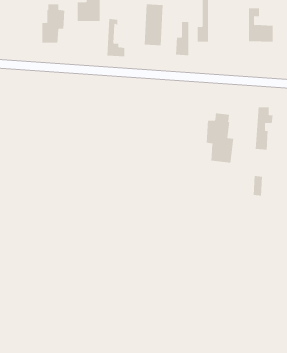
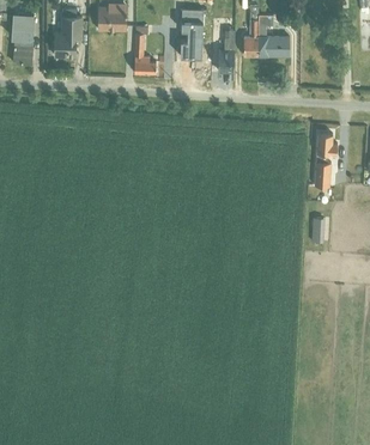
building: none -> [11,12,34,65]
building: [248,8,274,42] -> [257,14,289,56]
building: [206,112,234,164] -> none

